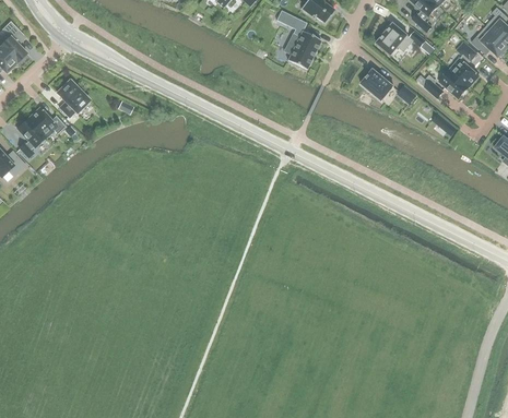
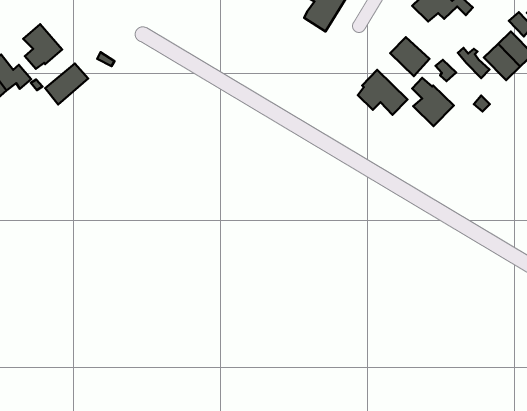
building: none -> [358,70,408,115]
building: none -> [412,78,454,126]
building: none -> [45,63,88,105]

